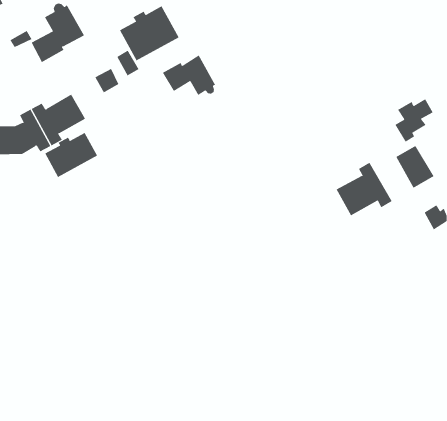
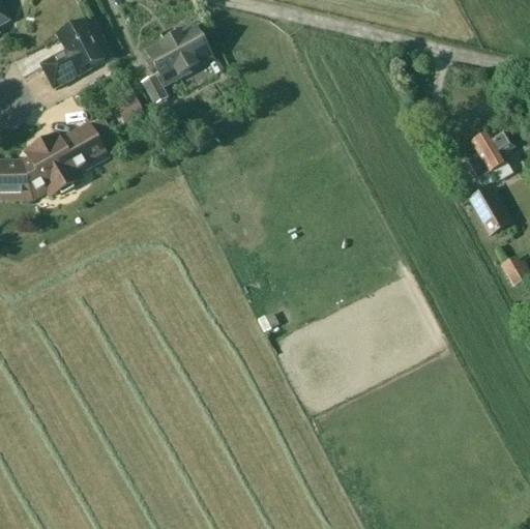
building: [162,55,216,96] -> none
building: [45,132,98,178] -> none
building: [336,162,392,216] -> none

